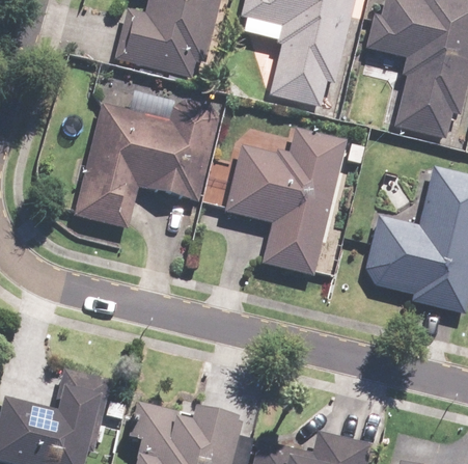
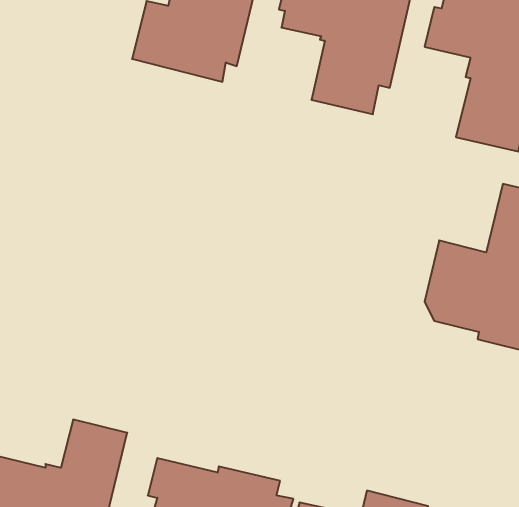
building: [74,91,219,228] -> none
building: [224,128,347,276] -> none

